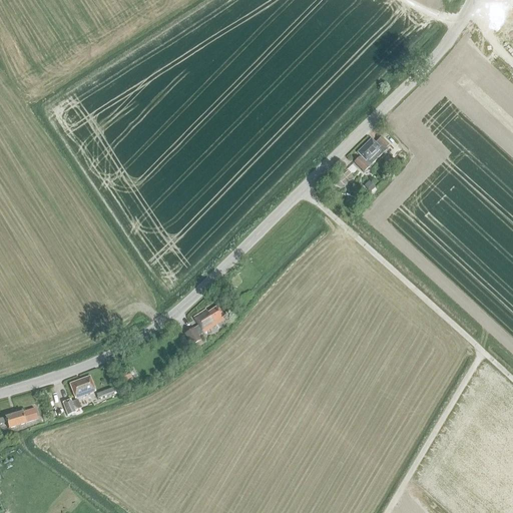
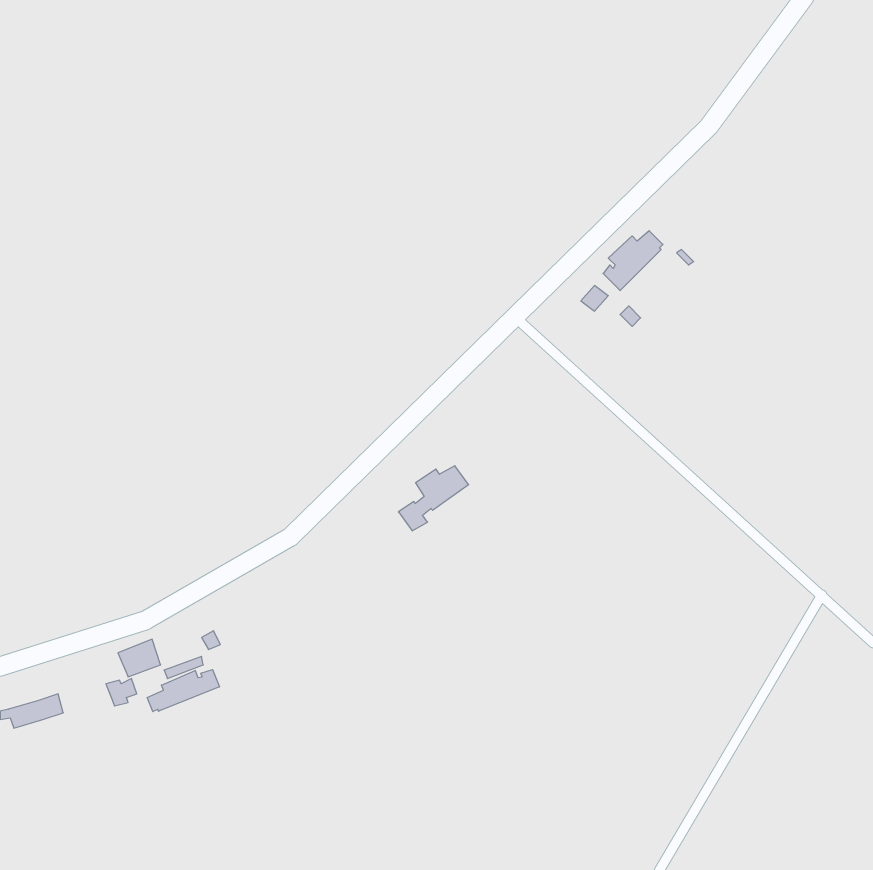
building: [183,306,224,344] -> [398,466,469,531]
building: none -> [147,670,219,712]

